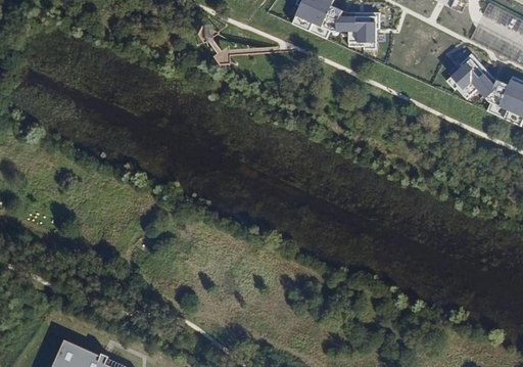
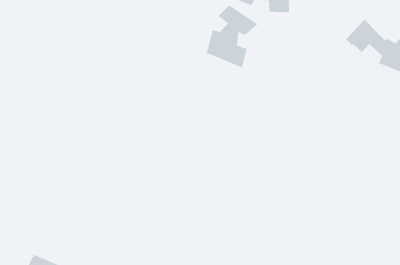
building: none -> [206,4,258,69]

